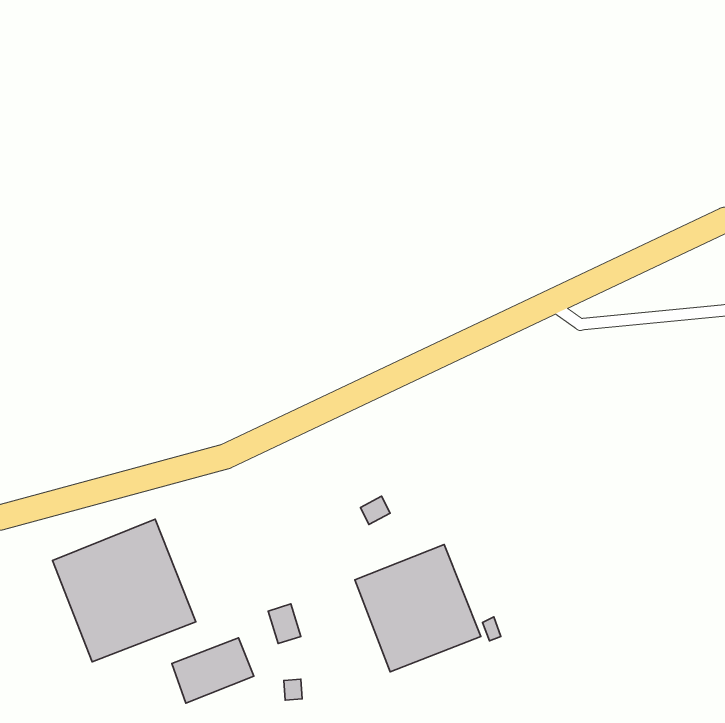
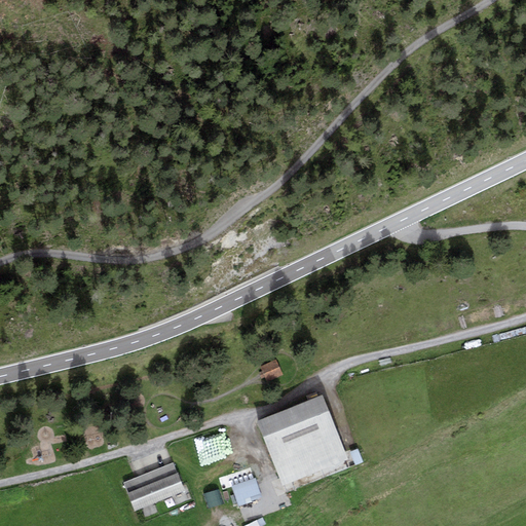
building: [53,519,196,662] -> none
building: none -> [232,477,262,504]

